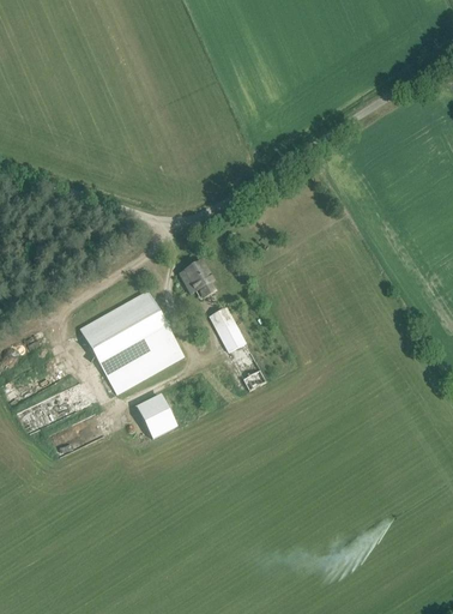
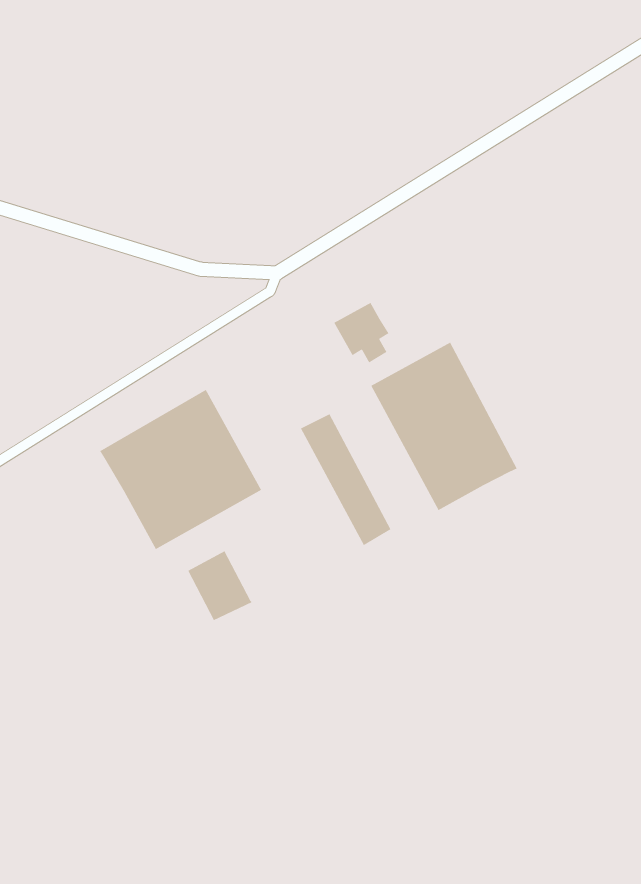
building: none -> [370,342,518,511]
building: [179,260,215,300] -> [333,302,389,364]

